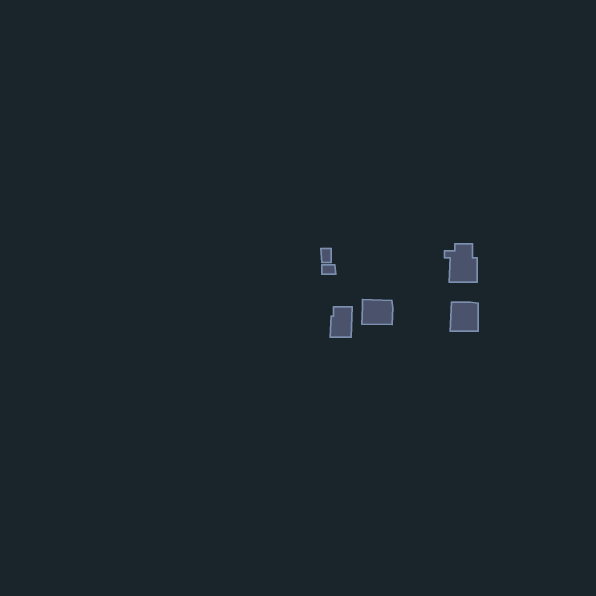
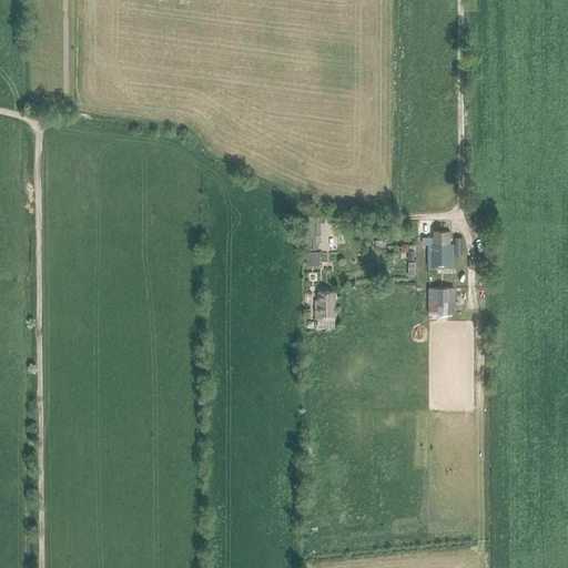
building: [362,299,393,324] -> none

